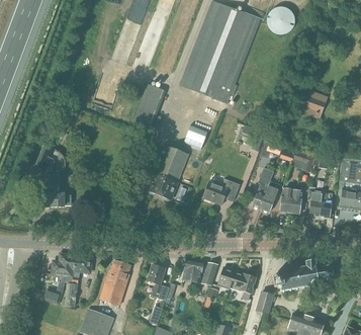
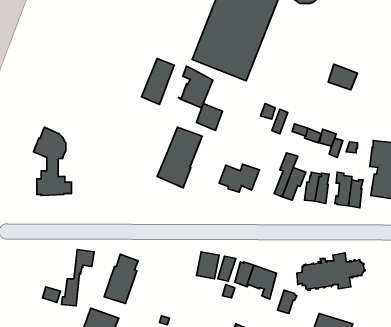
building: none -> [179,66,213,108]
building: [53,253,76,281] -> none
building: [148,263,169,299] -> none

